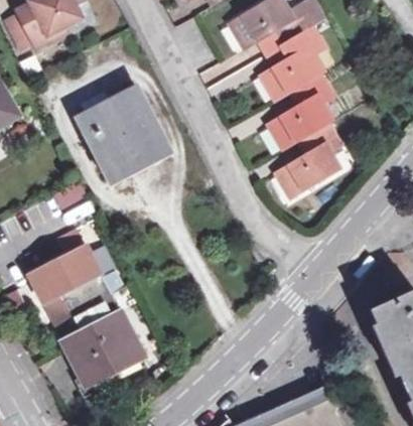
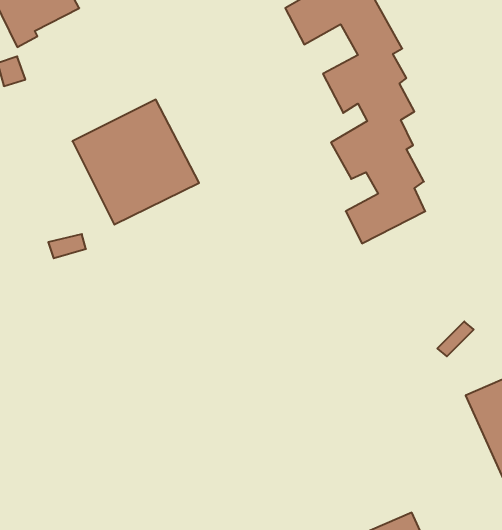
building: [29,246,140,386] -> none

